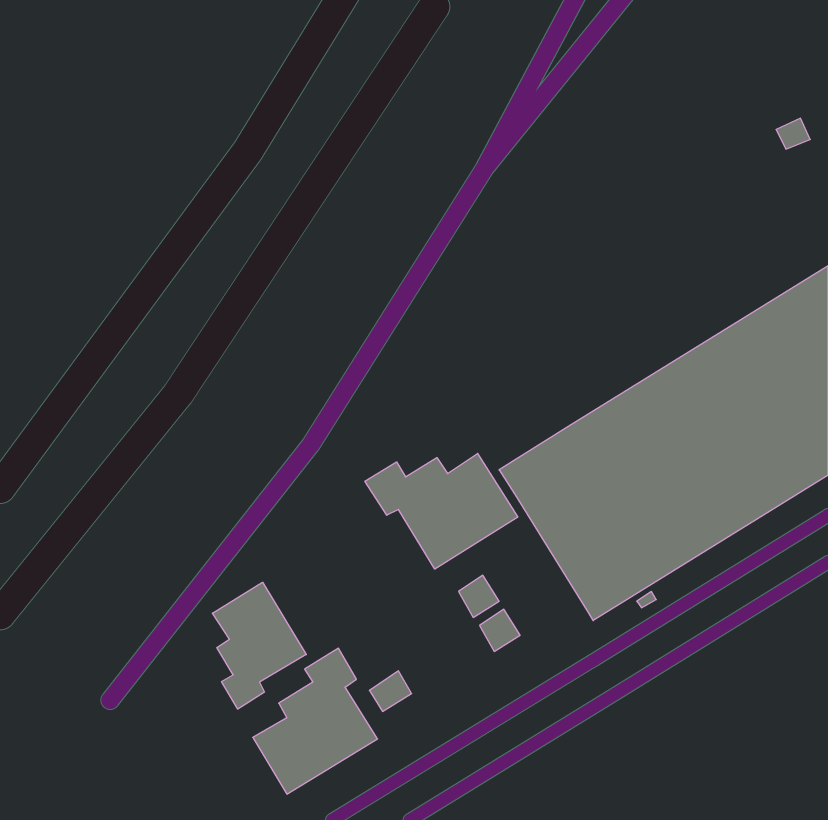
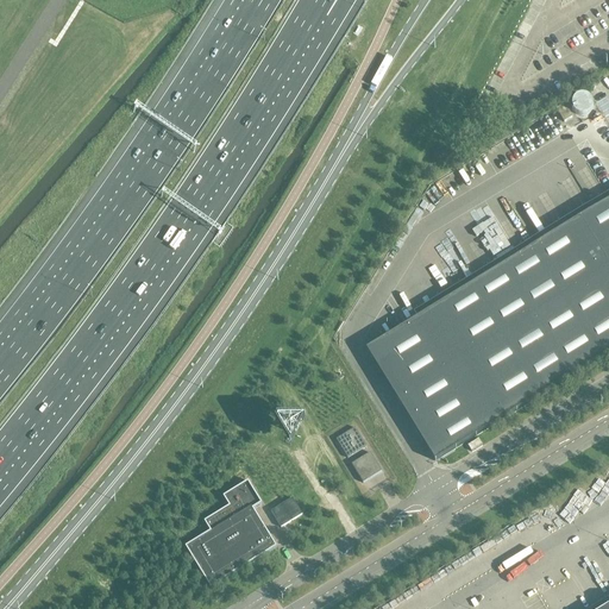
building: [365,453,518,569] -> none
building: [212,582,306,709] -> none

